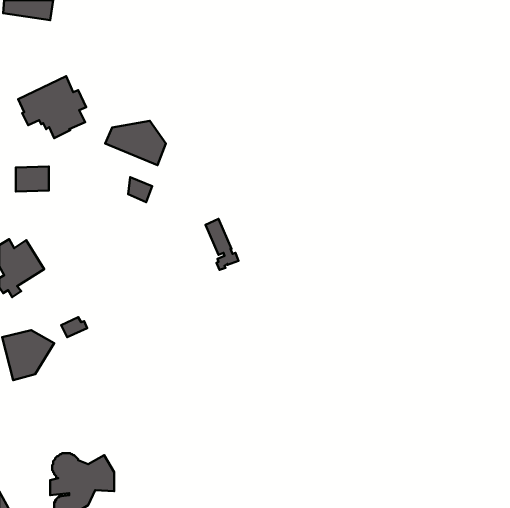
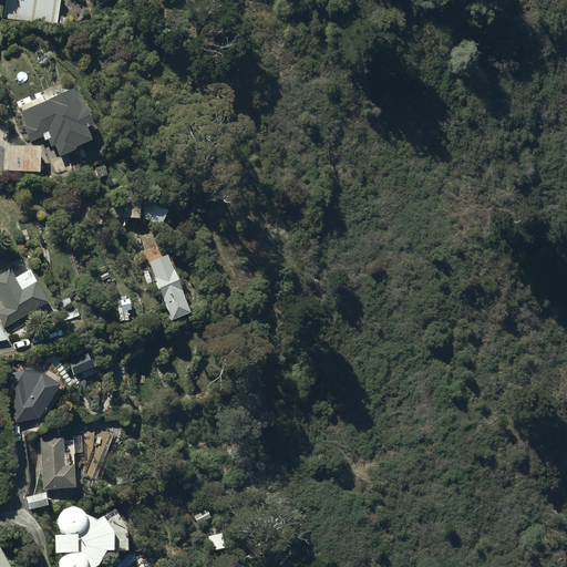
building: [105,121,166,165] -> none
building: [16,166,49,191] -> [4,144,41,172]
building: [205,219,238,270] -> [153,266,189,322]
building: none -> [27,436,82,511]

